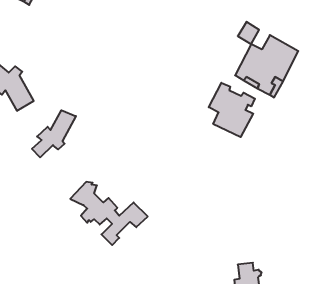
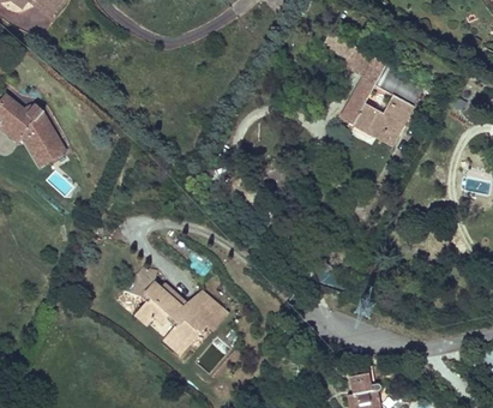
building: [209,83,255,137] -> none
building: [32,110,76,157] -> none

